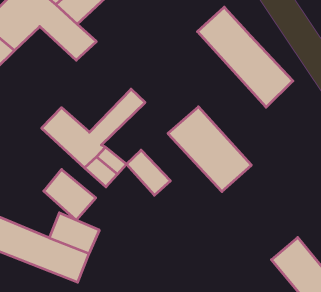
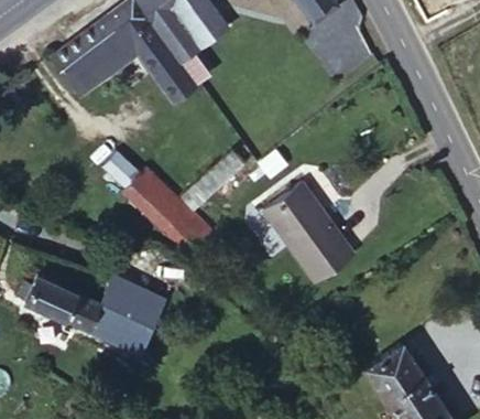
building: [197,7,293,107] -> none
building: [127,150,170,195] -> none
building: [44,169,96,220] -> none

